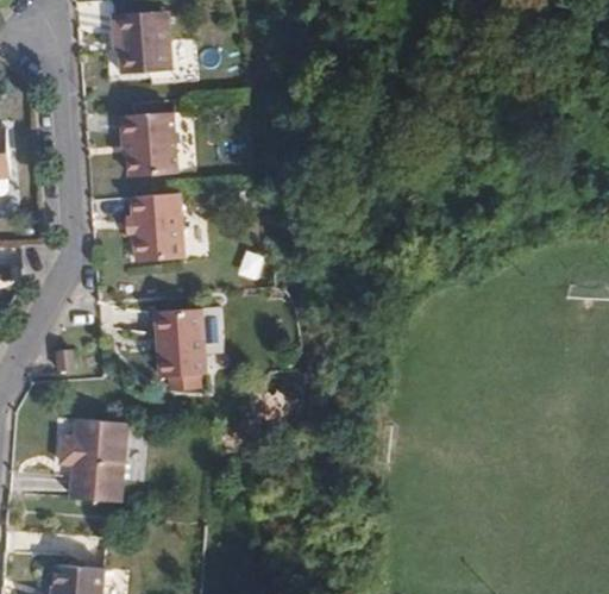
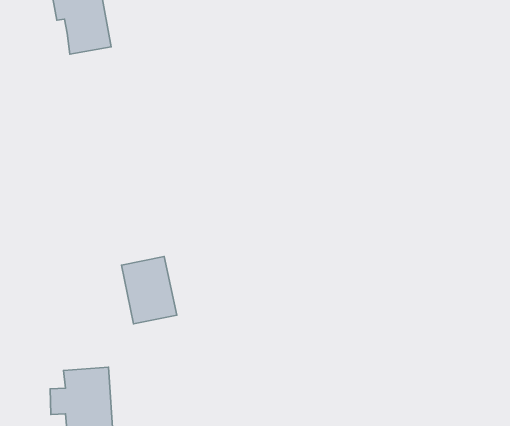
building: [123,117,178,179] -> none
building: [134,206,188,275] -> none

